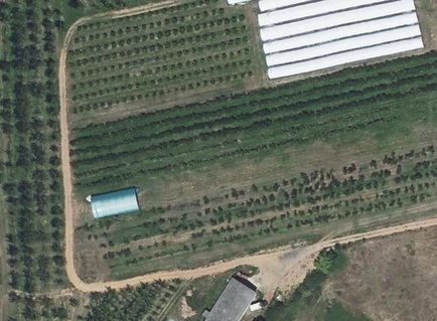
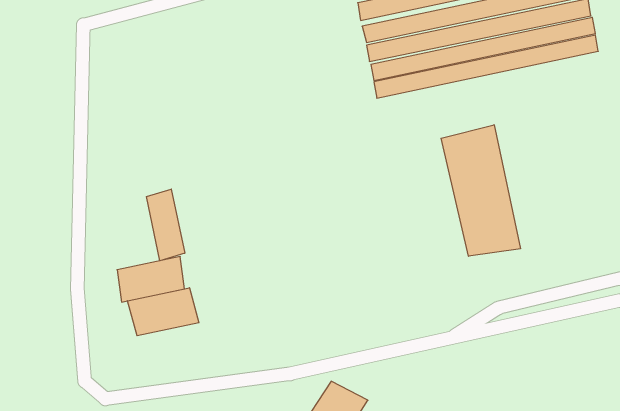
building: none -> [441,125,520,256]
building: none -> [147,189,185,261]
building: none -> [127,288,199,336]

